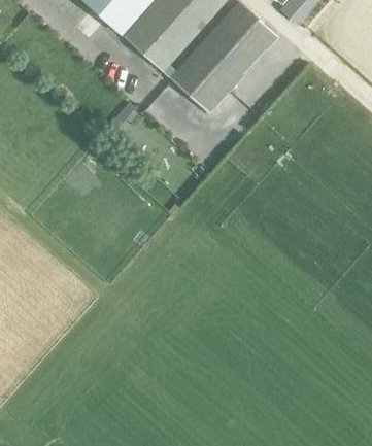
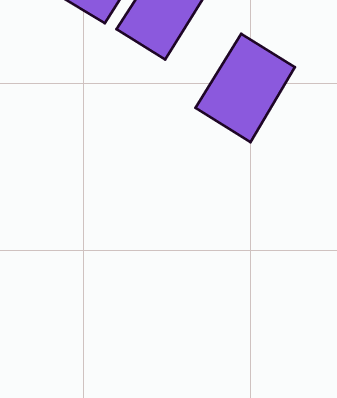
building: none -> [195,34,295,142]

